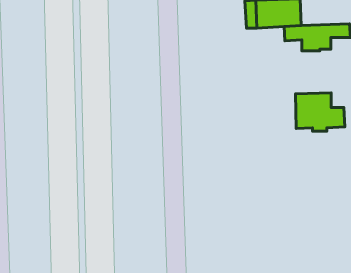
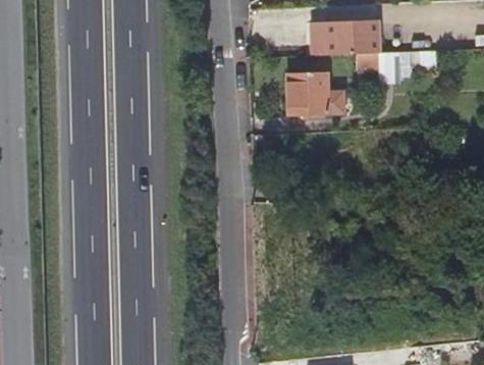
building: [295,93,345,131] -> [286,71,345,117]

